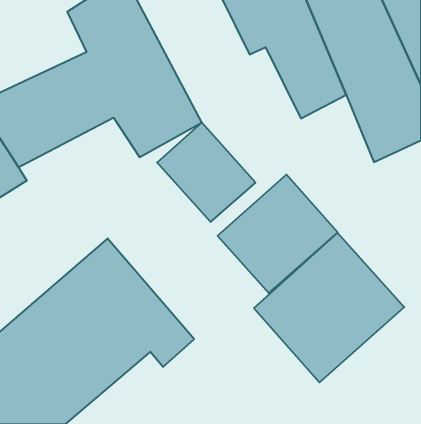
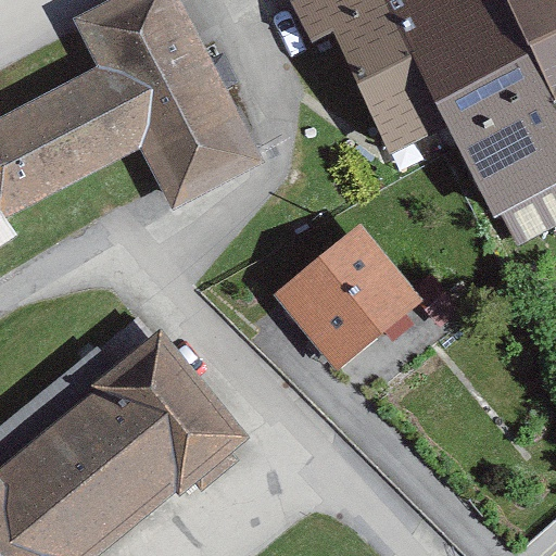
building: [157,122,255,222] -> none
building: [254,233,404,382] -> none

